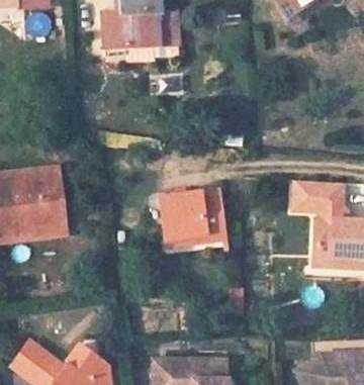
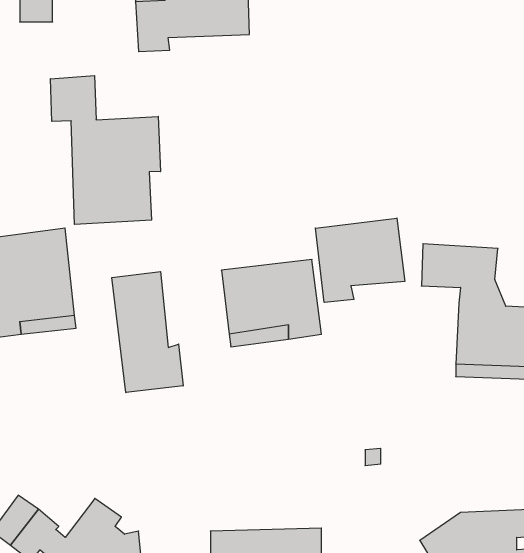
building: none -> [50,76,160,224]
building: none -> [315,218,405,302]
building: none -> [112,272,183,393]

